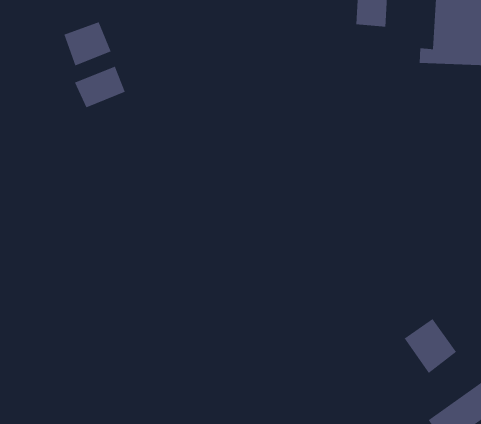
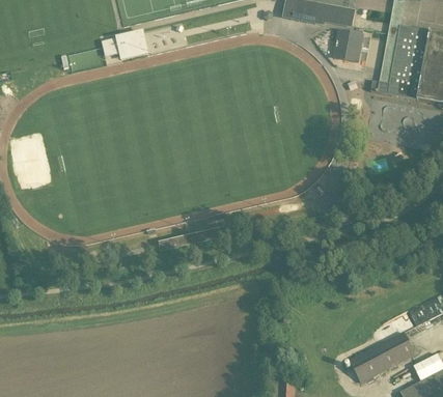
building: [74,66,125,108] -> none
building: [404,318,457,374] -> none

